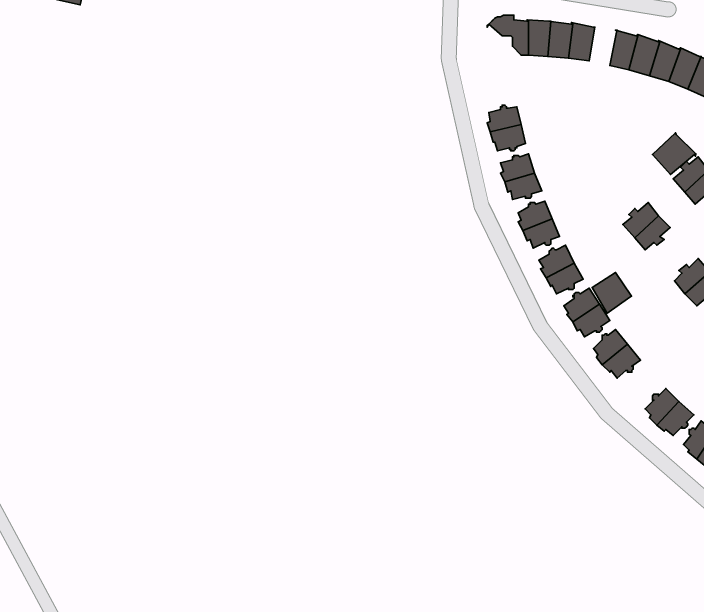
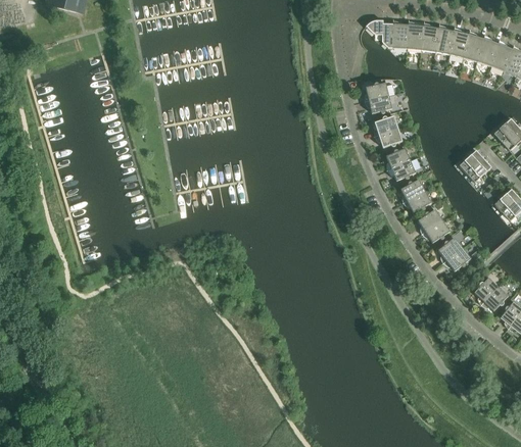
building: none -> [436,27,456,54]
building: [652,133,696,174] -> none
building: [592,272,631,313] -> none

